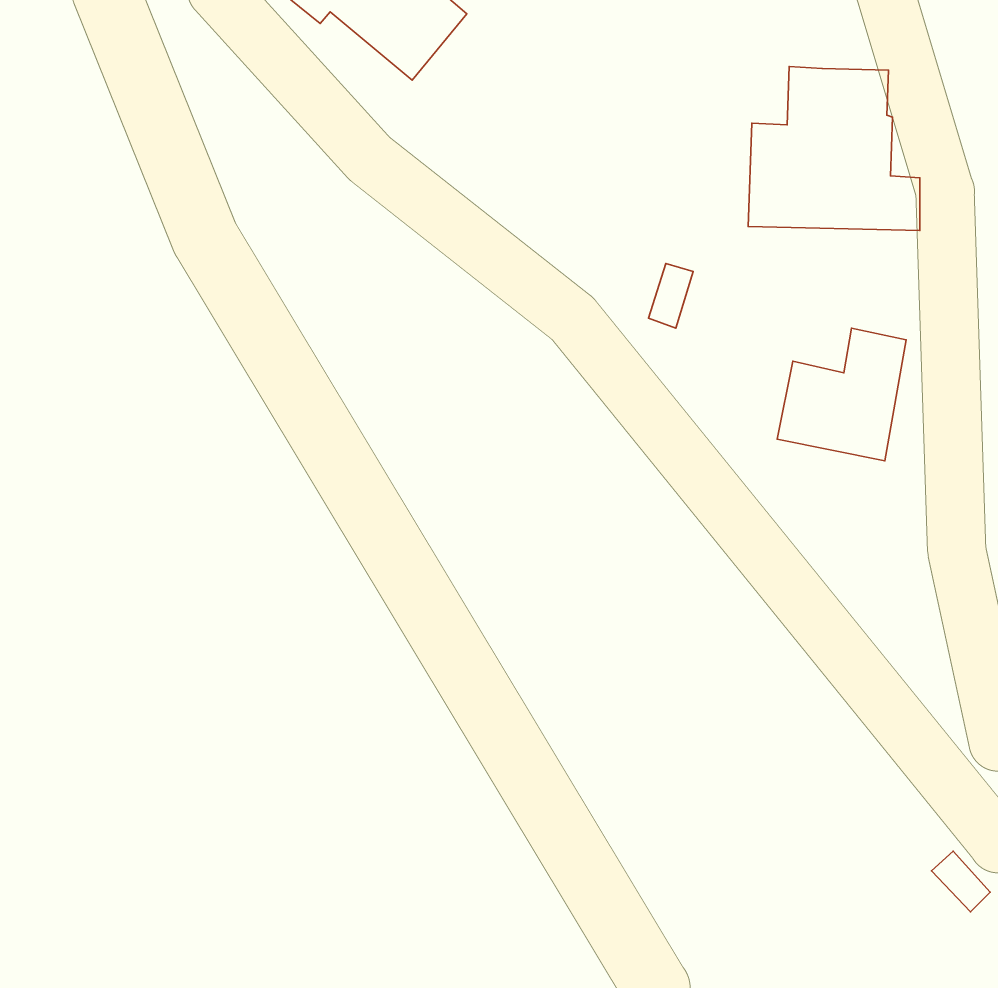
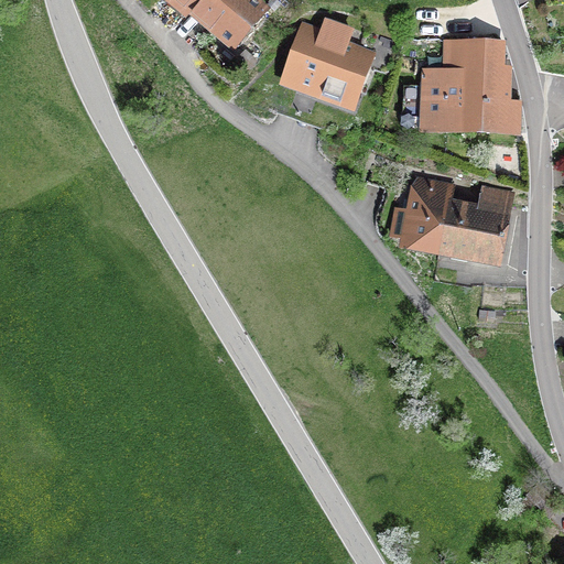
building: none -> [278,25,377,111]
building: none -> [390,176,451,248]

